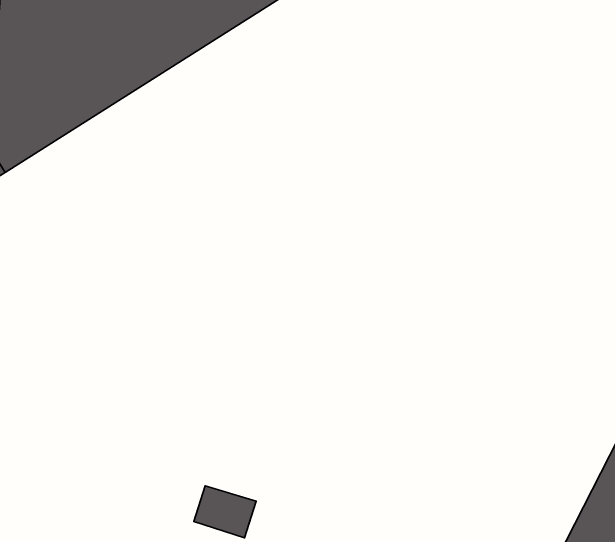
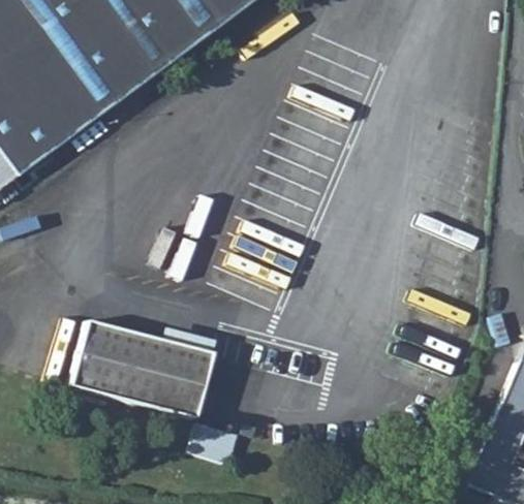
building: none -> [64,316,206,413]

